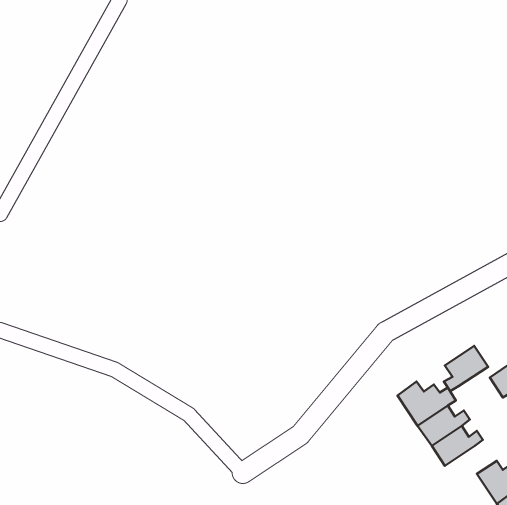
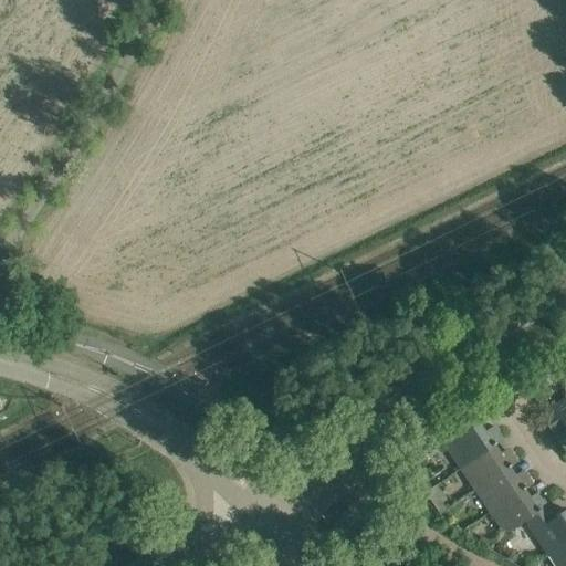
building: [444,346,488,391] -> none
building: none -> [496,500,554,544]

